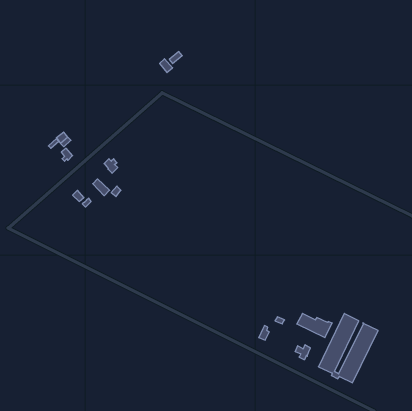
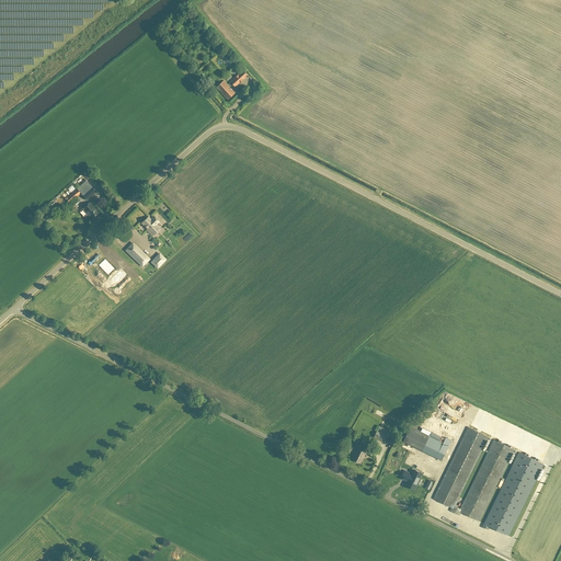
building: none -> [482,451,543,535]

